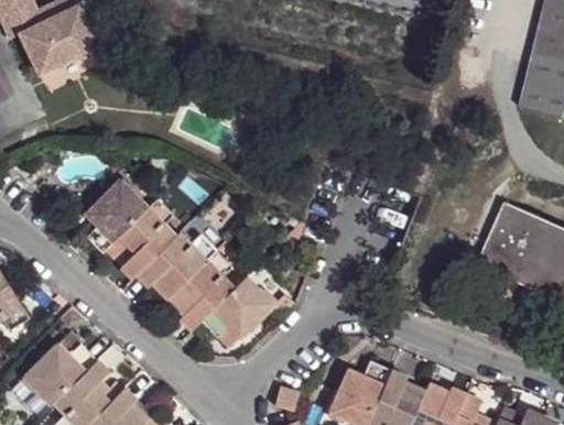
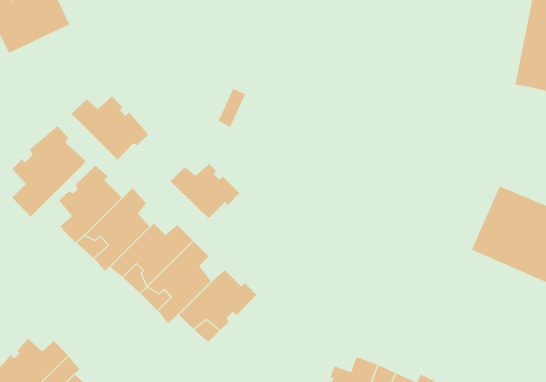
building: none -> [71,96,149,160]
building: none -> [11,125,86,218]
building: none -> [170,163,240,219]

